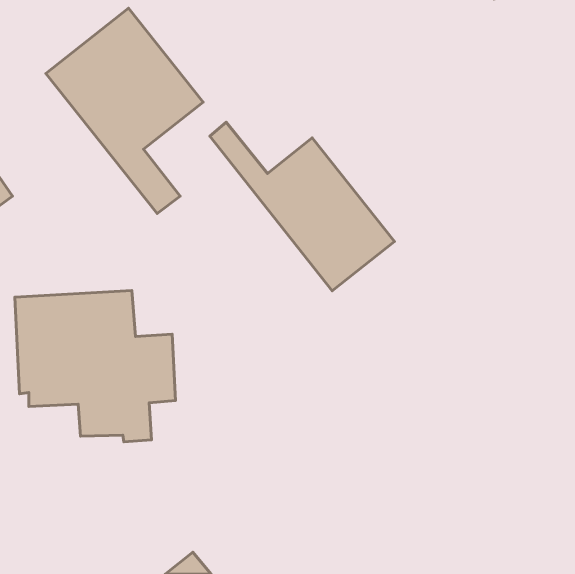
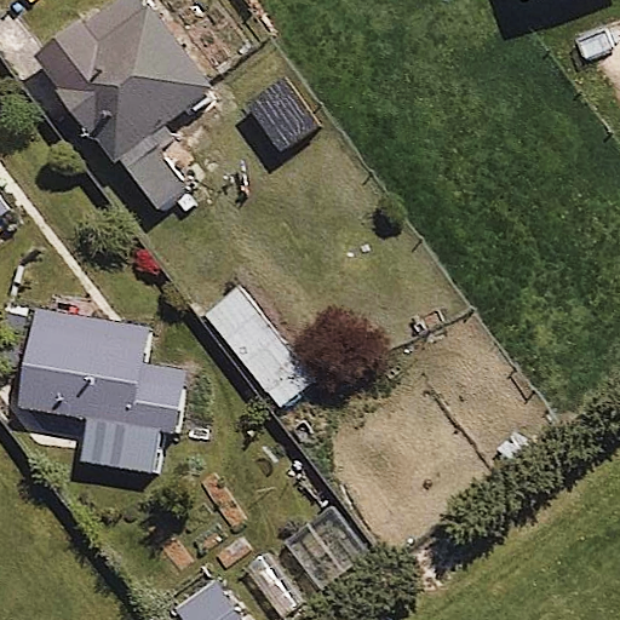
building: [210,122,394,291] -> none

